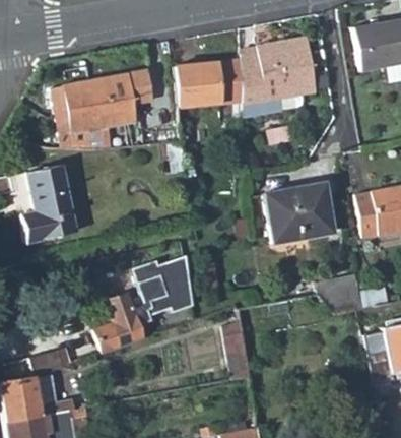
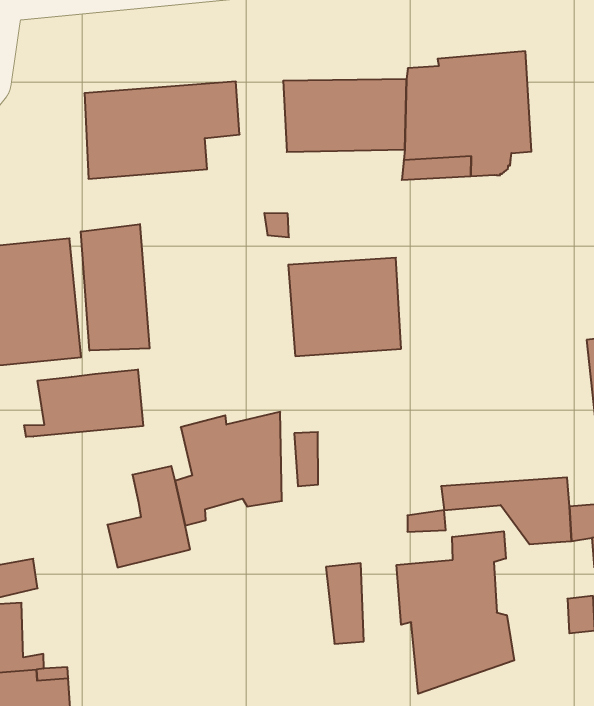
building: none -> [81,224,150,351]
building: [264,183,332,244] -> [288,258,401,356]
building: none -> [24,369,143,437]
building: none -> [397,531,514,694]

